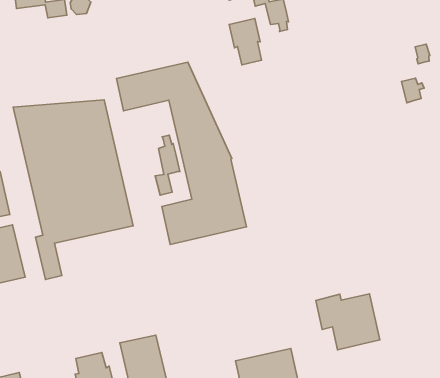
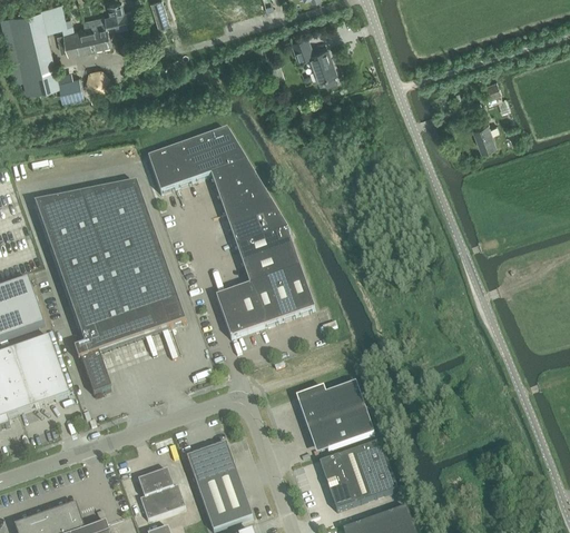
building: [229,18,261,65] -> none
building: [155,135,180,195] -> none
building: [316,294,380,350] -> [295,379,373,447]

